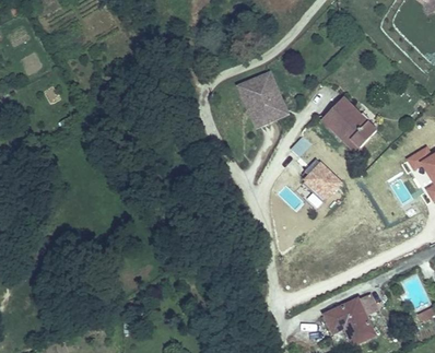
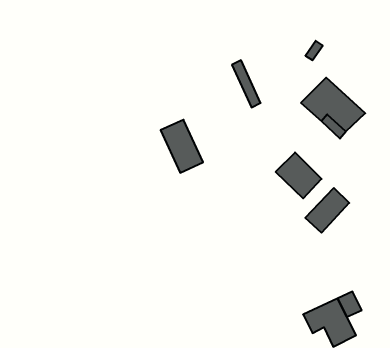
building: [235,79,275,129] -> [161,120,203,173]
building: none -> [305,188,349,233]

